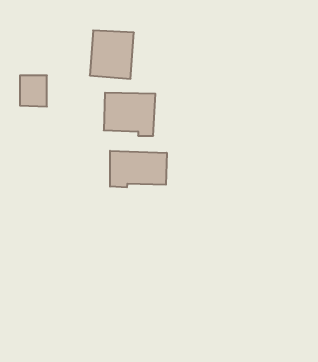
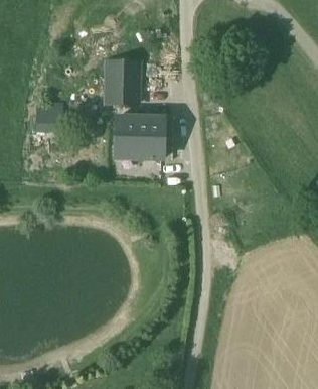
building: [110,151,167,187] -> none

